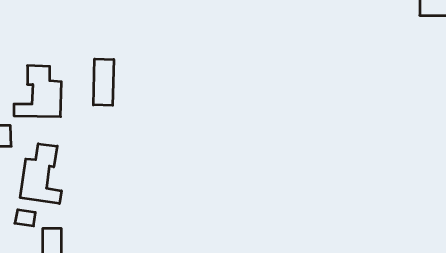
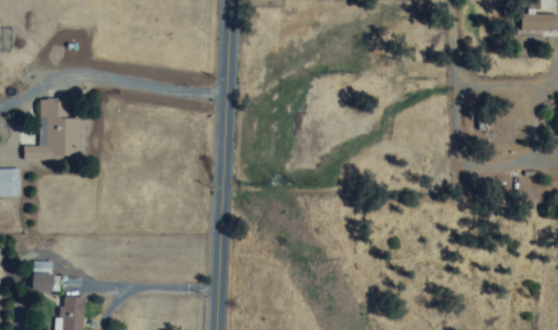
building: [93,59,114,105] -> none
building: [20,144,61,204] -> none

